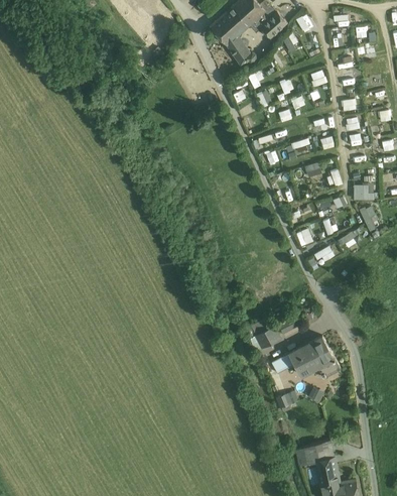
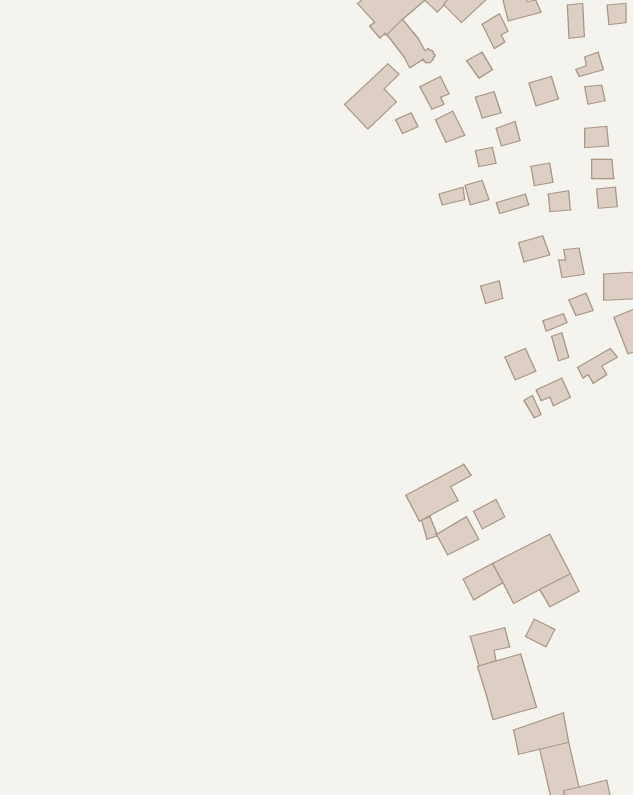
building: none -> [344,64,399,129]
building: none -> [406,464,471,521]
building: none -> [478,654,536,720]

